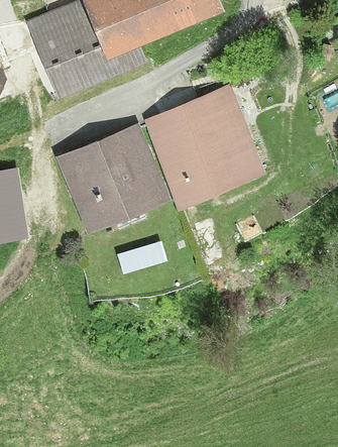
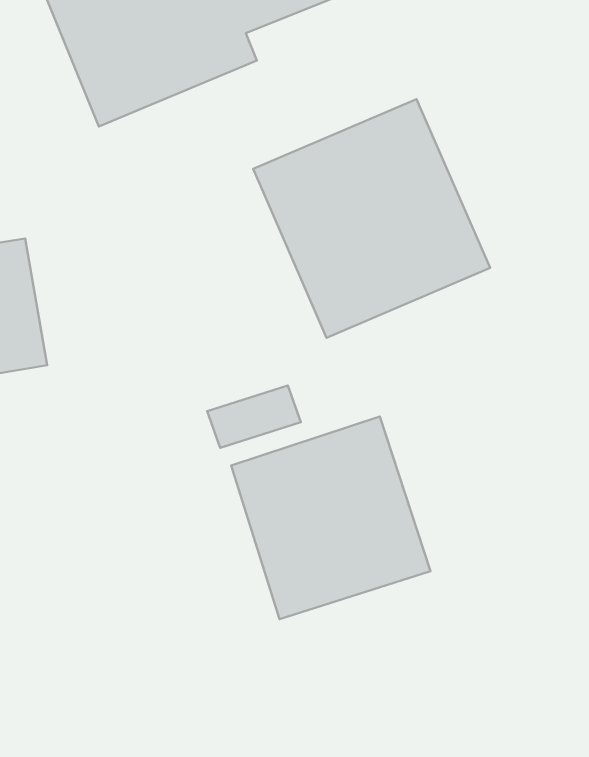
building: [54,124,171,238] -> none
building: none -> [231,416,431,619]

